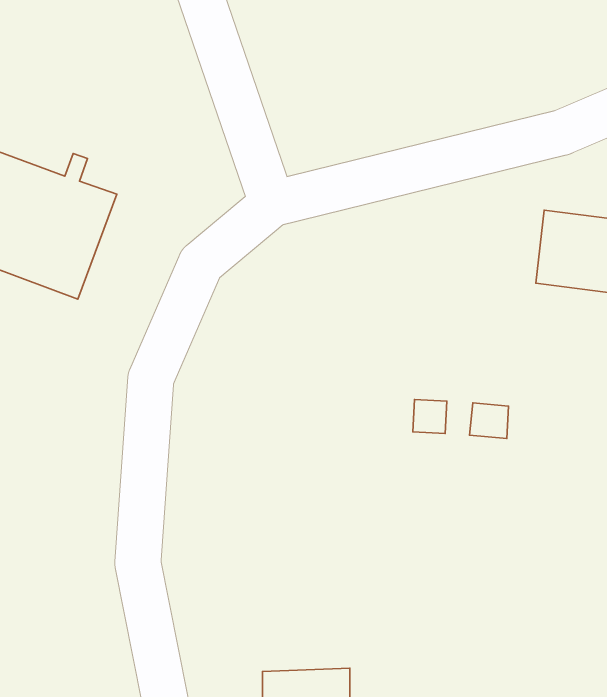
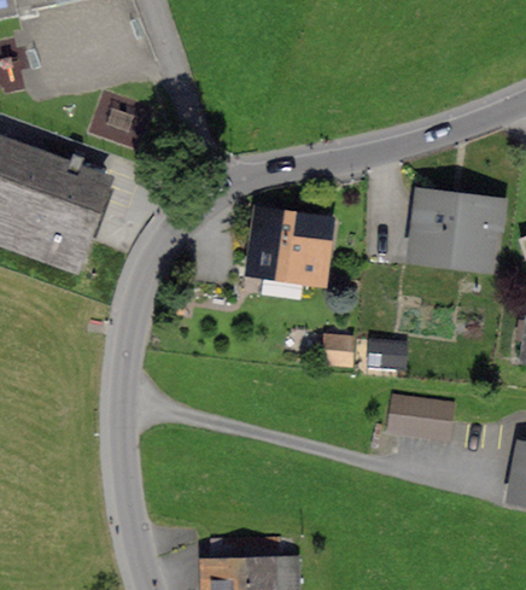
building: none -> [250,215,332,280]
building: none -> [401,398,455,443]

